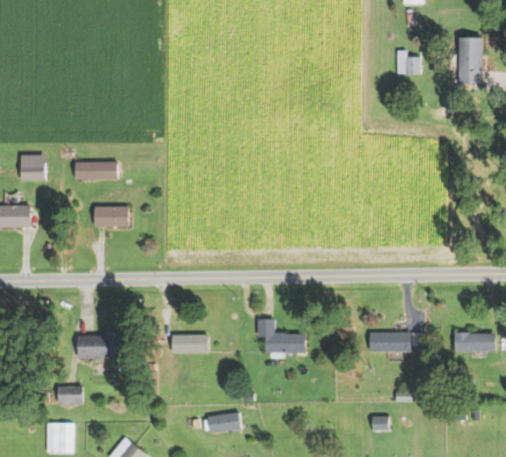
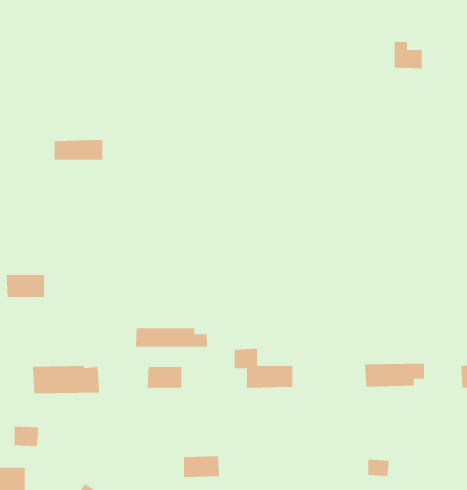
building: [74,161,117,179] -> [54,140,103,160]
building: [94,206,128,226] -> [6,275,45,297]
building: none -> [135,327,208,347]

